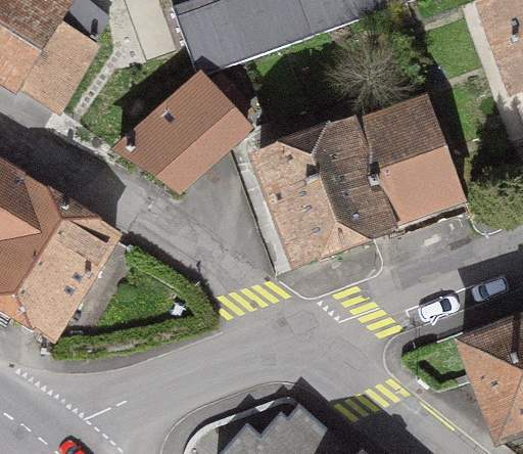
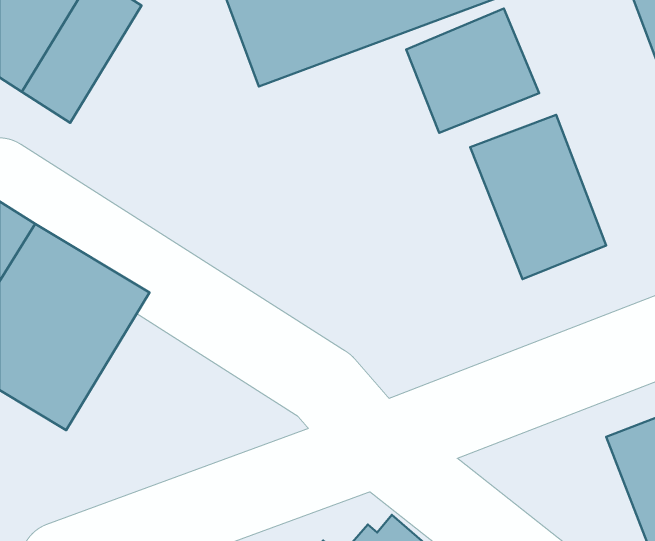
building: none -> [406,8,539,133]
building: [120,78,245,189] -> none
building: [257,124,397,264] -> none

